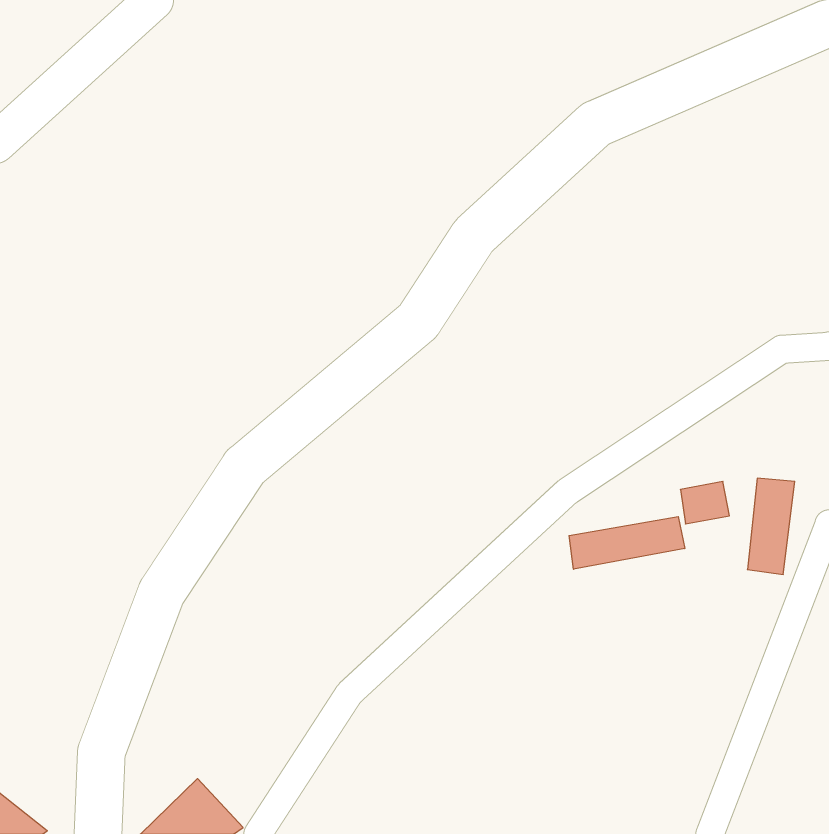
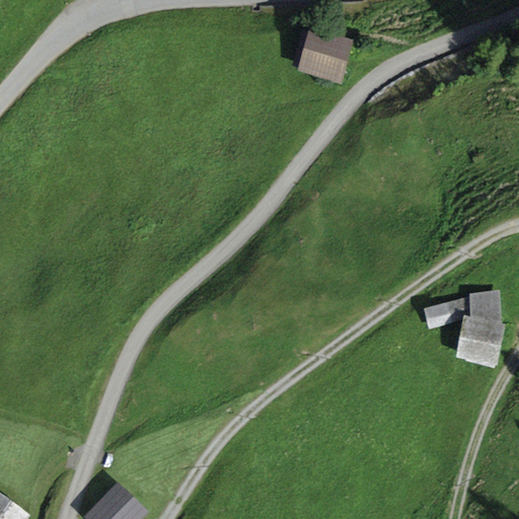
building: none -> [297,31,349,82]
building: [569,517,685,569] -> none

